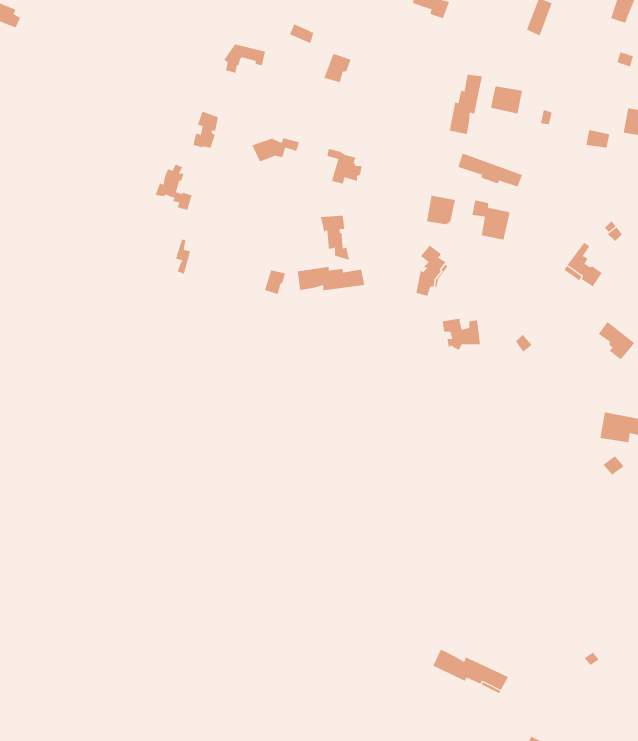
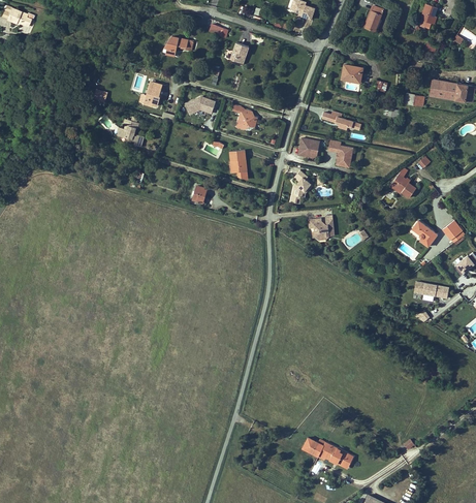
building: [449,74,482,135] -> none
building: [297,266,365,291] -> none

